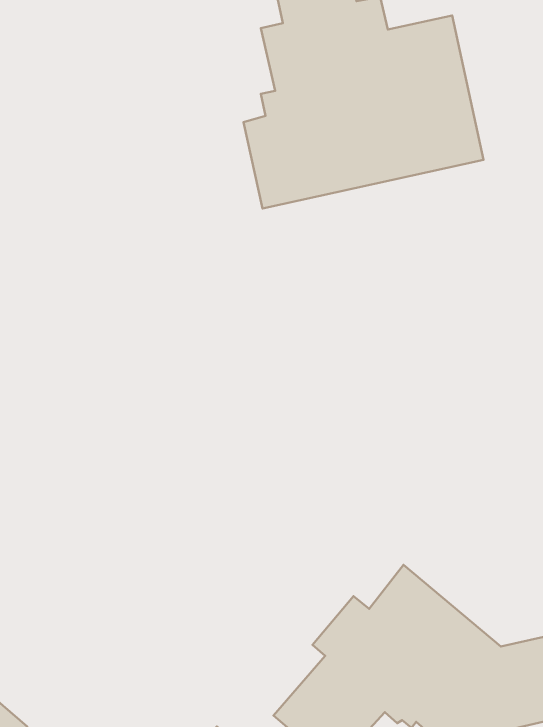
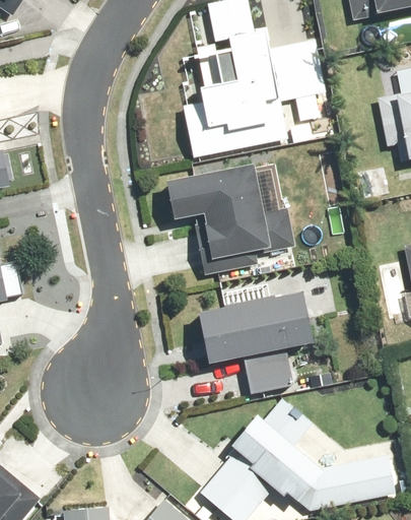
building: none -> [159,168,290,274]
building: none -> [200,292,312,391]

